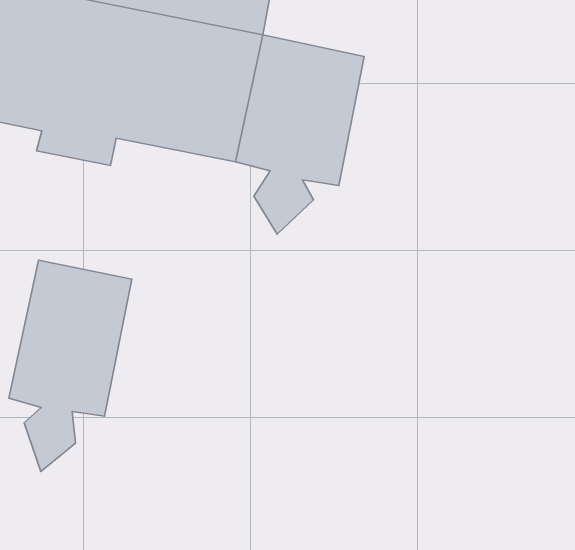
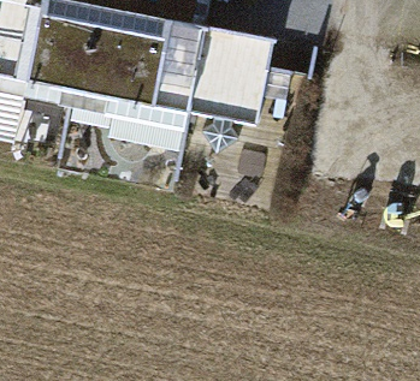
building: [9,260,132,472] -> none

